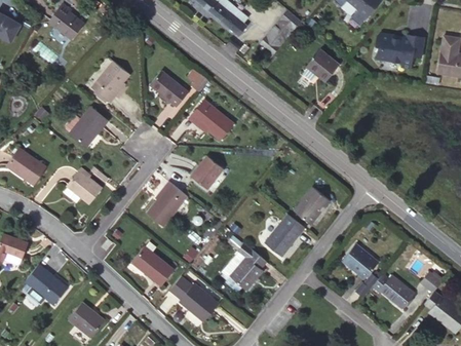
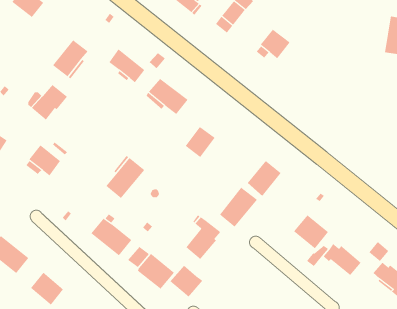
building: [375,34,423,69] -> none
building: [191,155,223,188] -> [185,126,215,158]
building: none -> [169,265,203,297]

